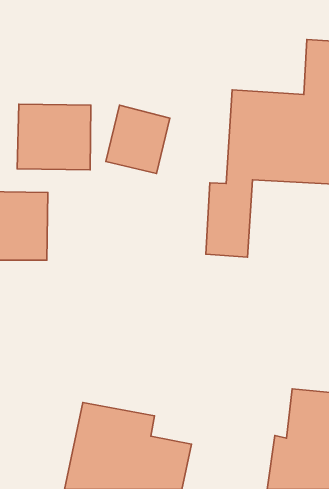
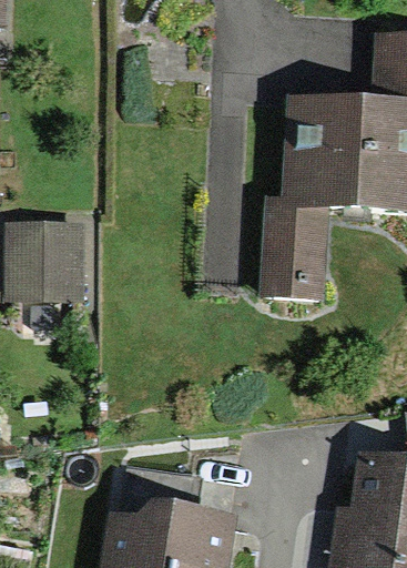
building: [17,104,91,170] -> none
building: [106,105,170,174] -> none

